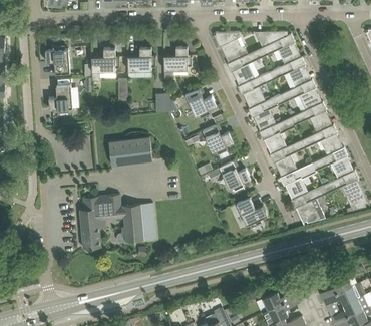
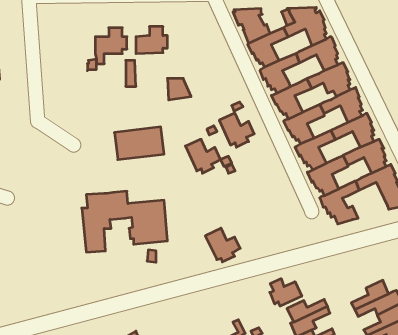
building: [44,45,69,74] -> none
building: [162,47,191,80] -> none
building: [47,85,71,113] -> none
building: [183,88,215,118] -> none
building: [218,161,249,192] -> [185,139,220,173]
building: [235,198,266,228] -> [205,228,240,262]
building: none -> [270,279,302,306]

